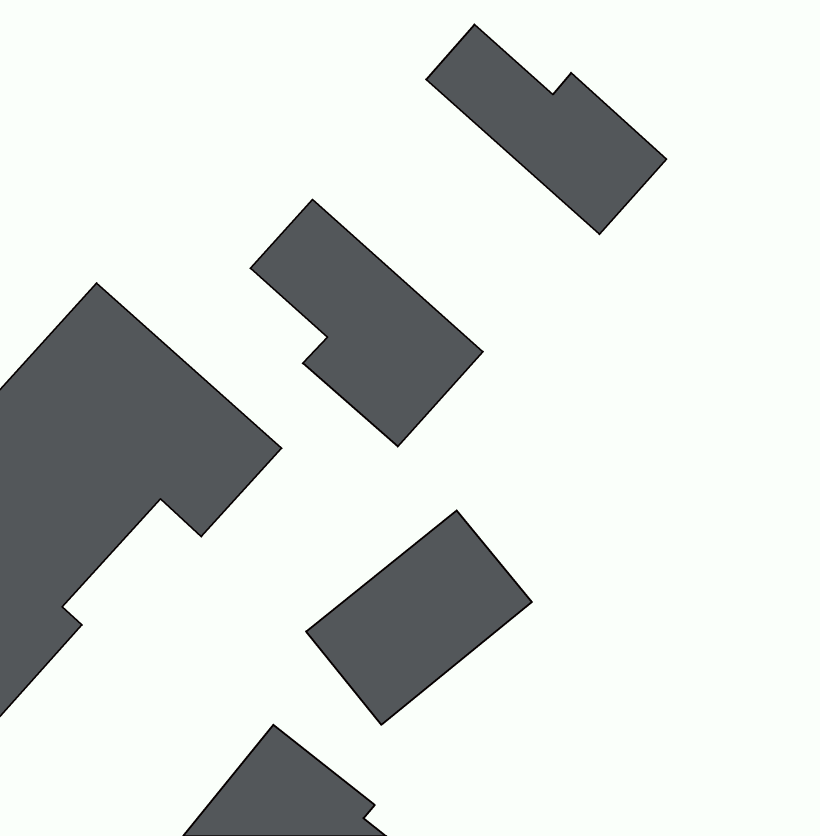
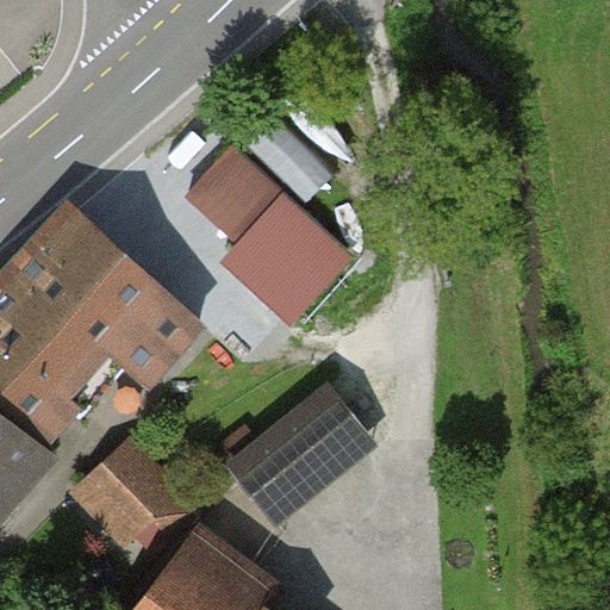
building: [426,24,666,234] -> none
building: none -> [64,438,183,556]

